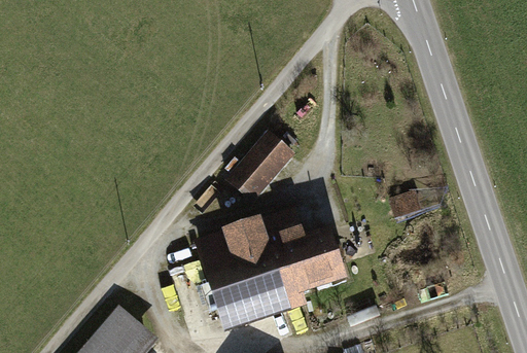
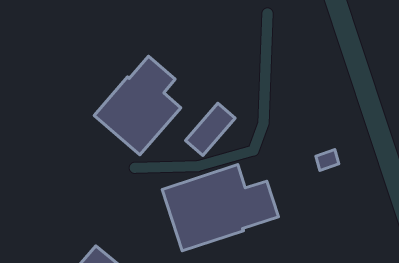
building: none -> [94,56,181,155]

